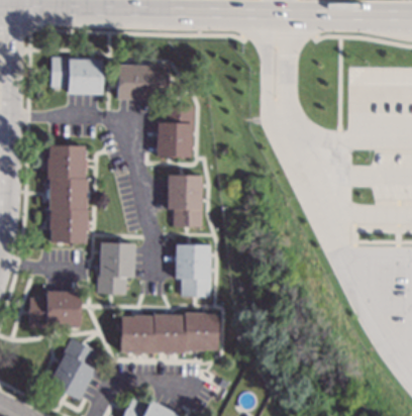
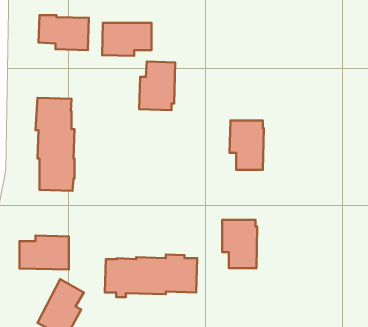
building: [167,175,203,227] -> [230,121,264,170]
building: [99,241,135,295] -> none
building: [175,244,212,296] -> [222,220,257,268]

